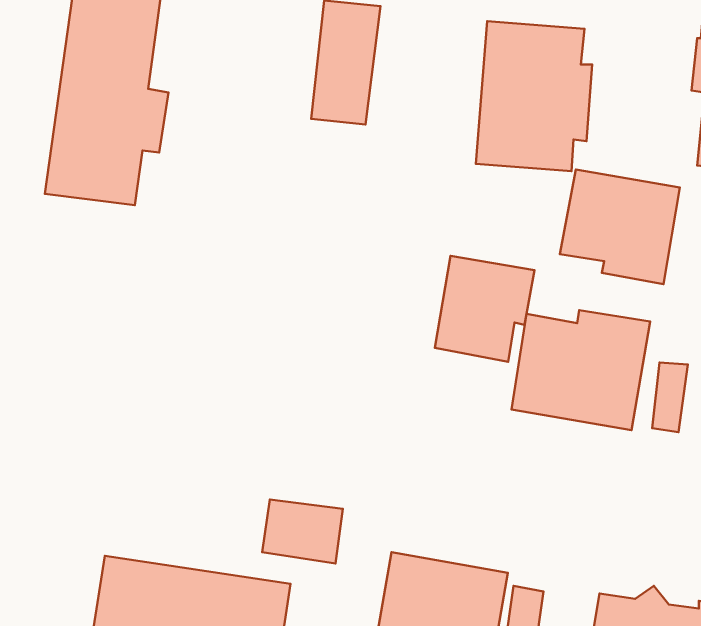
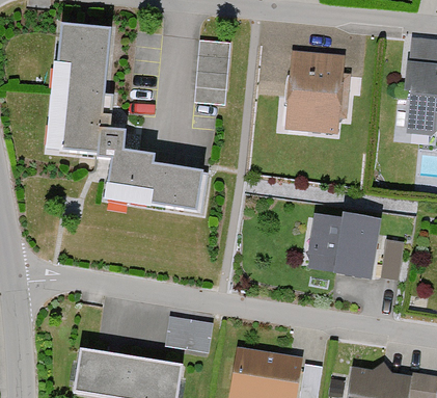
building: none -> [95,124,203,211]
building: [560,169,680,284] -> none
building: [435,256,535,362] -> none

